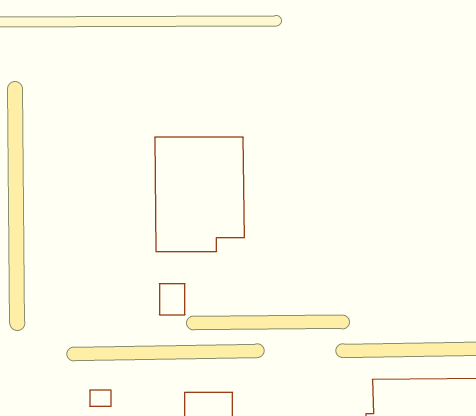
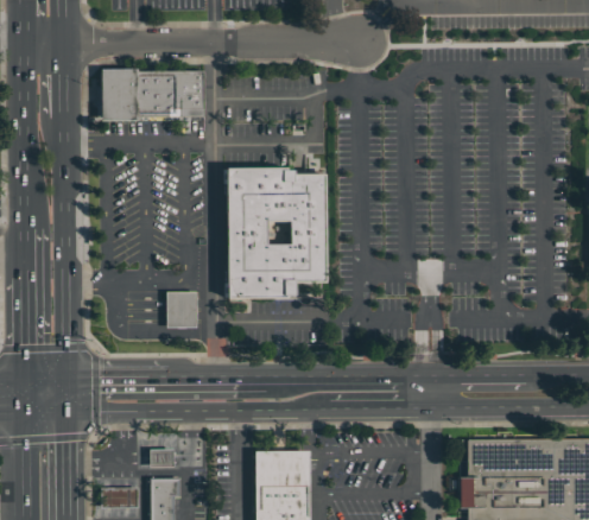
building: none -> [102,68,207,116]
building: [159,284,185,315] -> [170,293,198,328]

